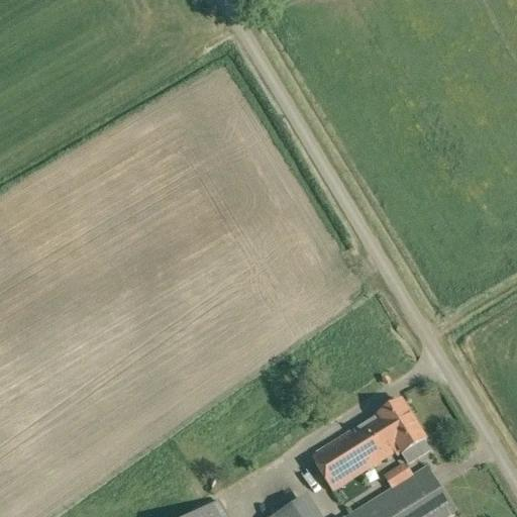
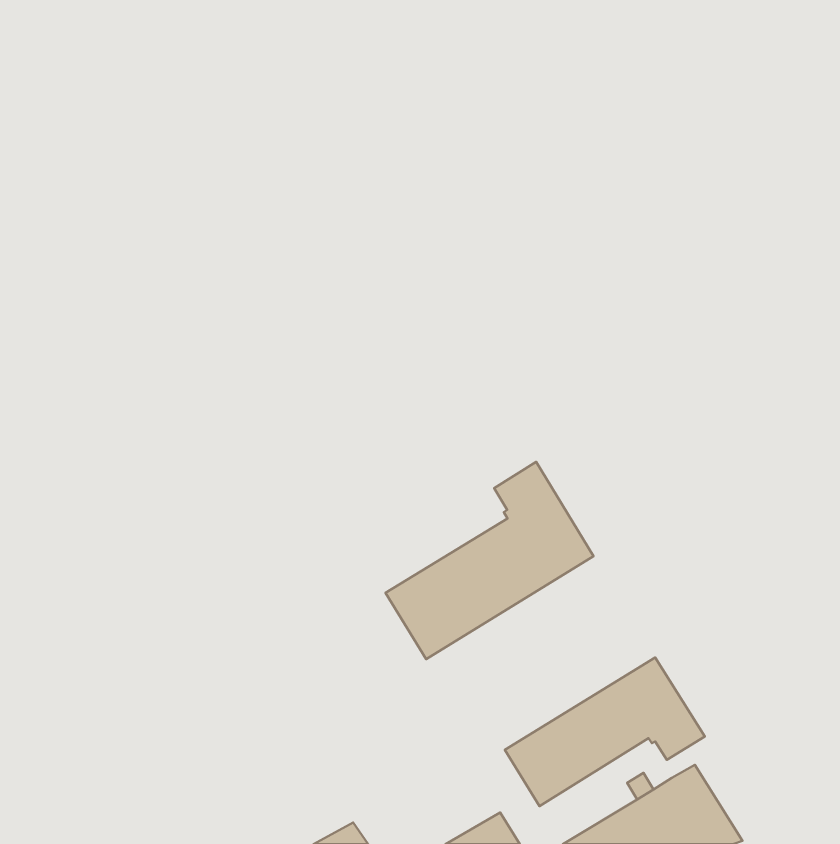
building: none -> [386,462,593,659]

